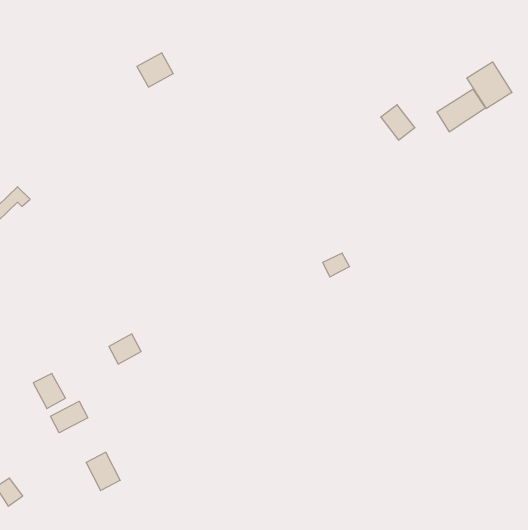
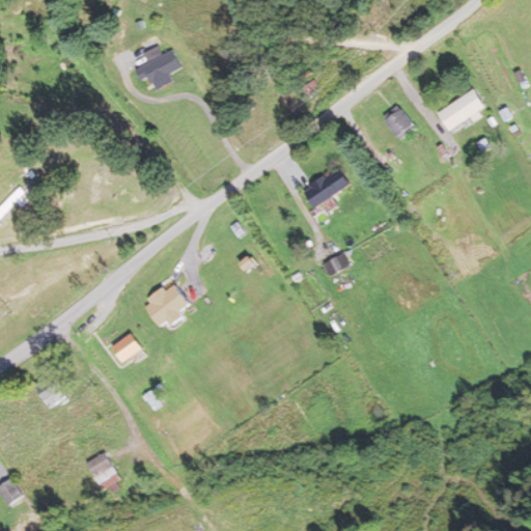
building: [467,62,512,109] -> none
building: none -> [303,167,351,208]
building: none -> [142,282,190,329]
building: [51,401,88,433] -> none

